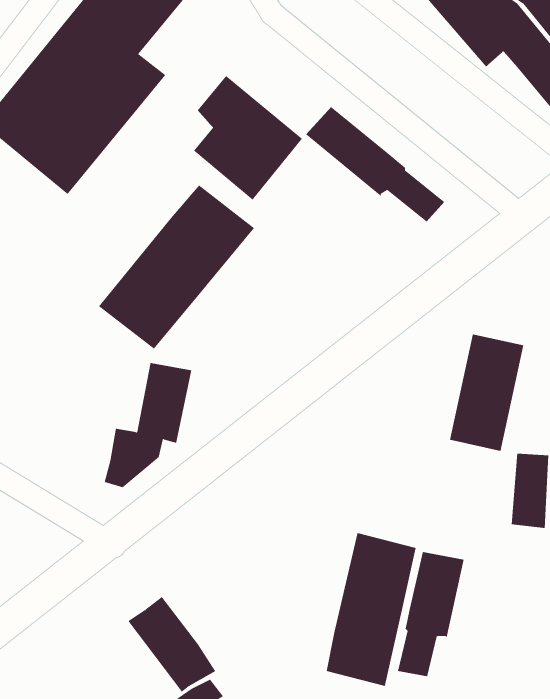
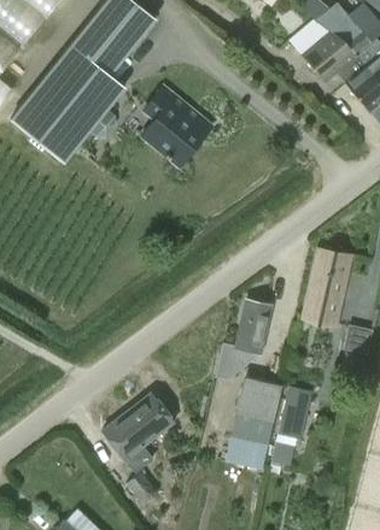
building: [305,106,445,223] -> none
building: [98,185,255,350] -> none
building: [104,363,192,488] -> [216,302,271,381]
building: none -> [124,394,175,444]

